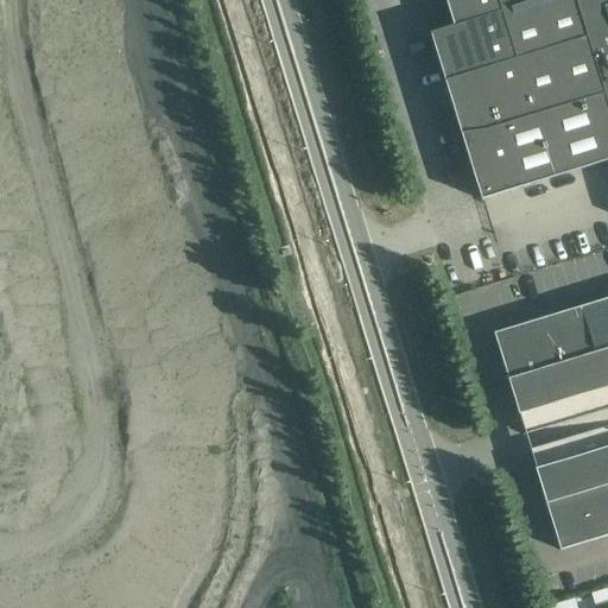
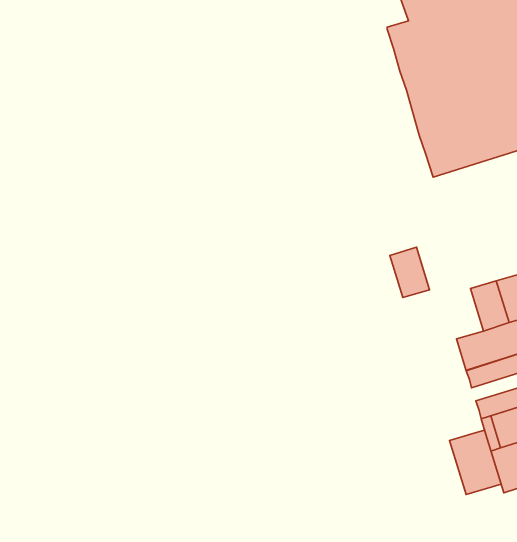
building: [494,321,538,376] -> [390,247,429,297]
building: none -> [450,430,501,494]

